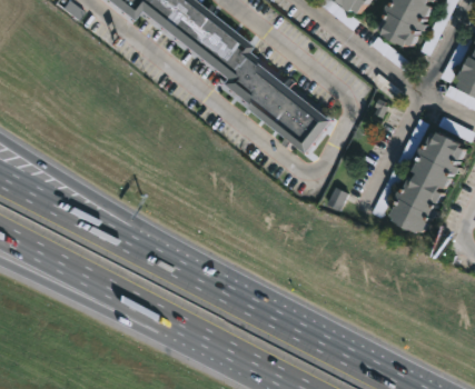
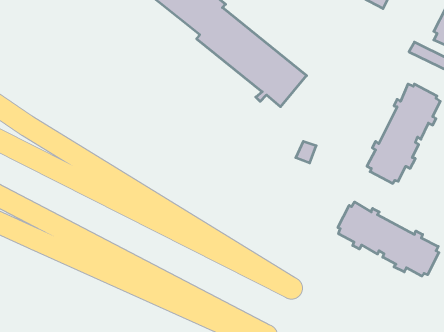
building: none -> [338,202,439,276]

